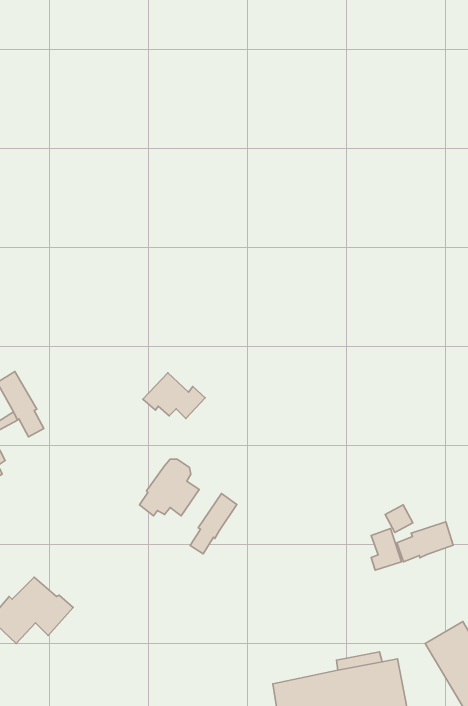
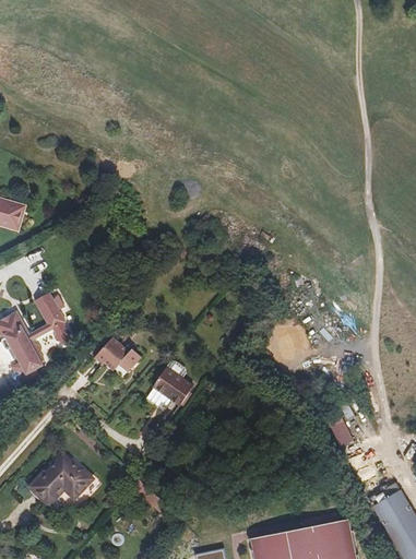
building: [143,373,205,419] -> [93,337,142,373]
building: [190,494,237,554] -> none
building: [397,522,453,562] -> none

